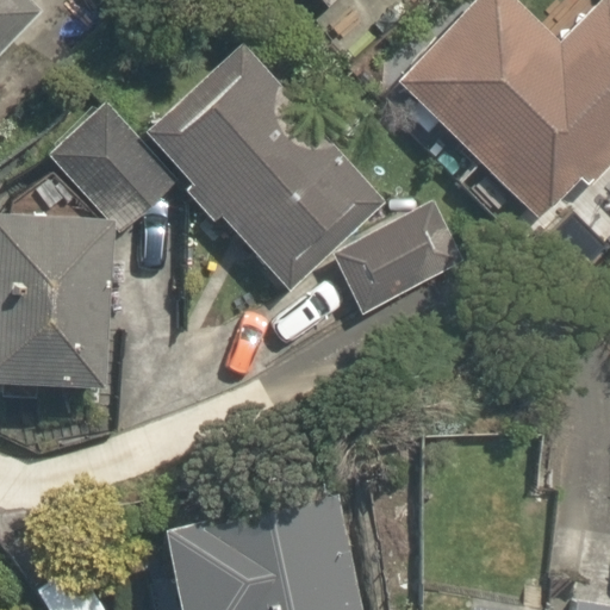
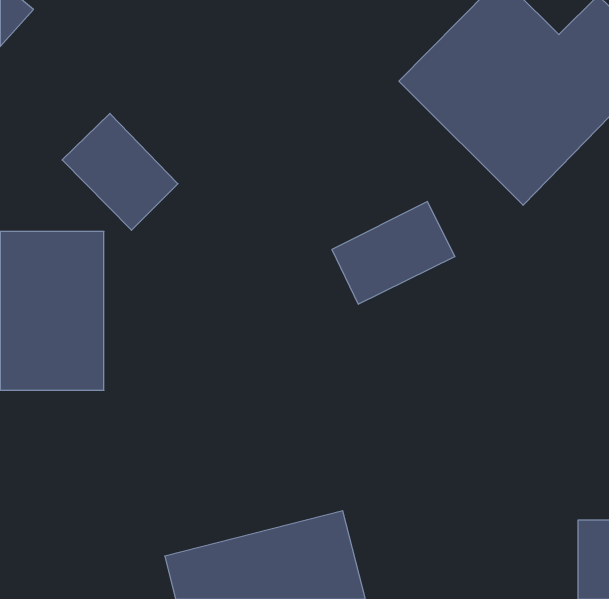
building: [154,55,378,285] -> none

